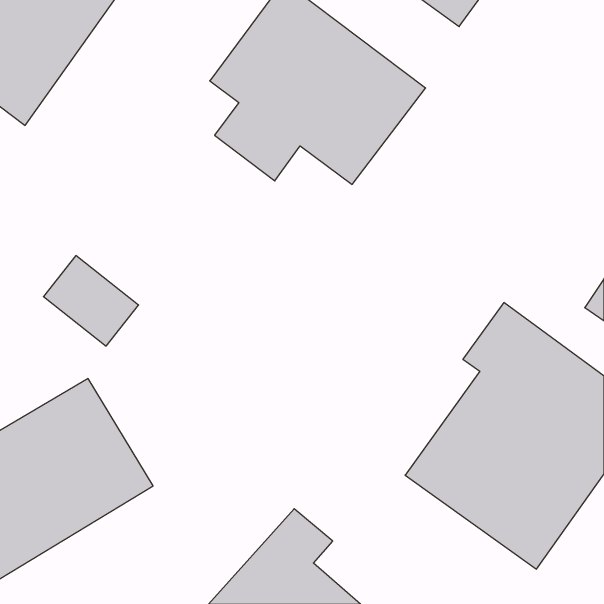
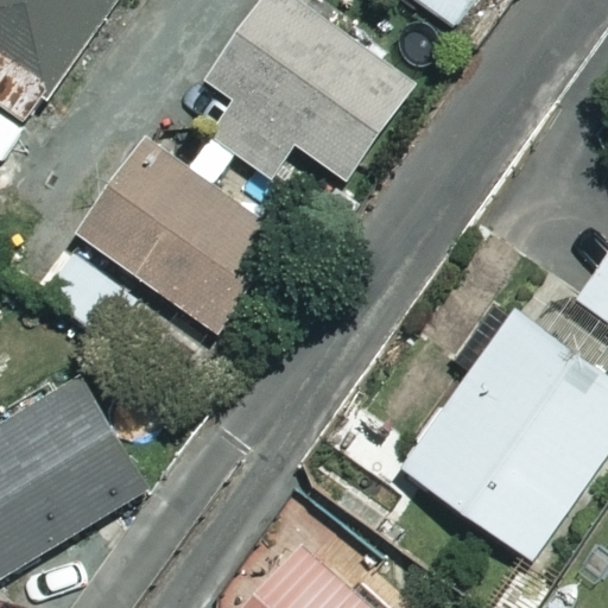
building: none -> [77,138,287,336]

